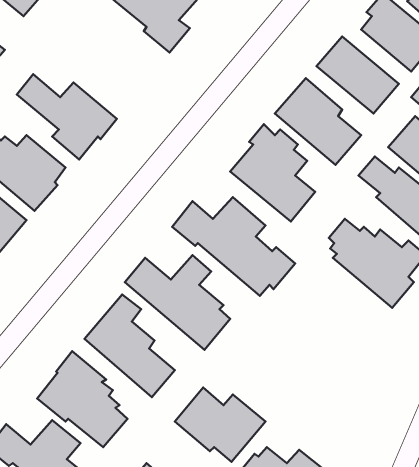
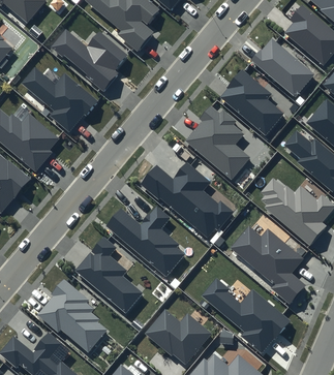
building: none -> [50,27,129,91]
building: none -> [230,226,306,304]
building: none -> [202,278,291,353]

